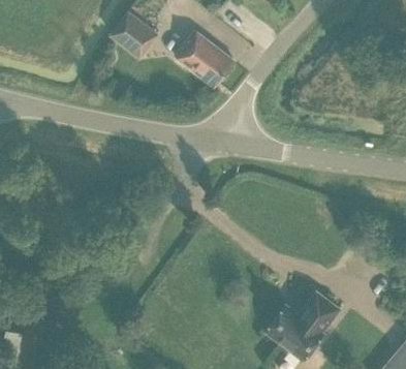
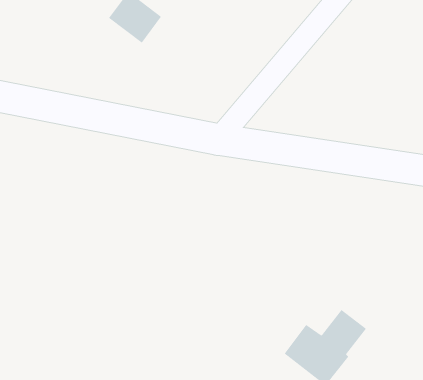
building: [175,32,233,83] -> none

